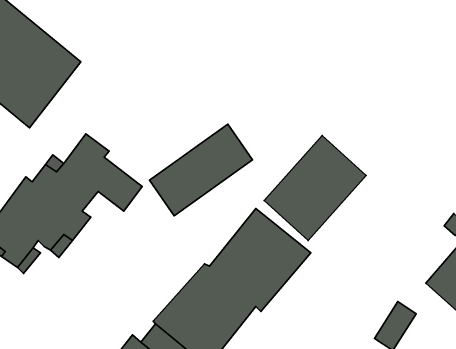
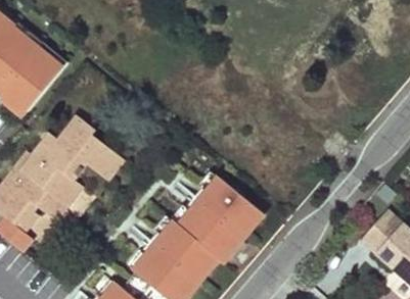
building: [150,124,253,216] -> none
building: [264,135,366,241] -> none

